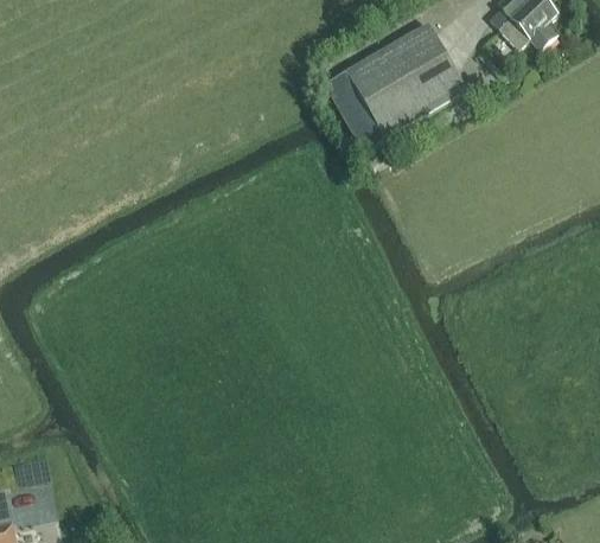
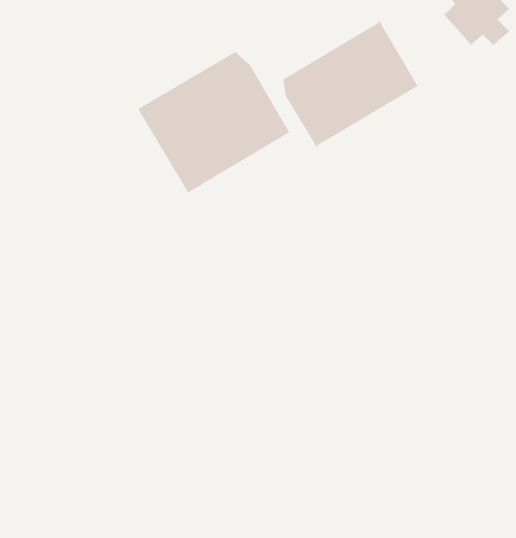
building: none -> [137,51,290,193]

